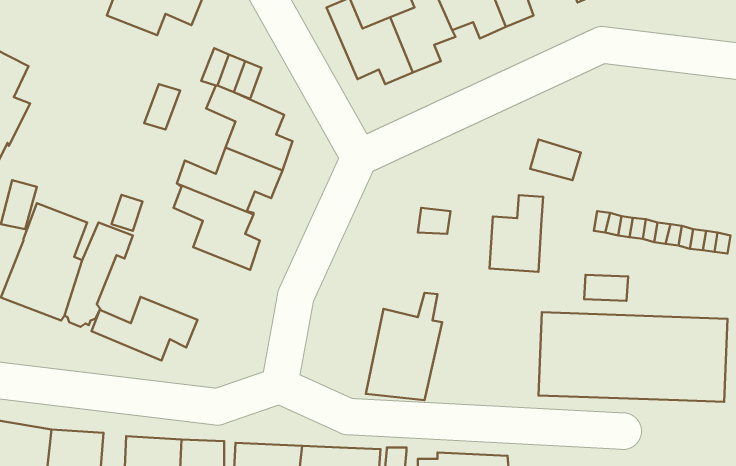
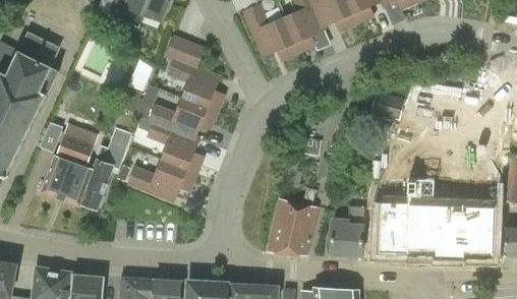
building: [489,195,543,272] -> [330,206,363,254]
building: [92,297,197,361] -> [130,160,196,199]

